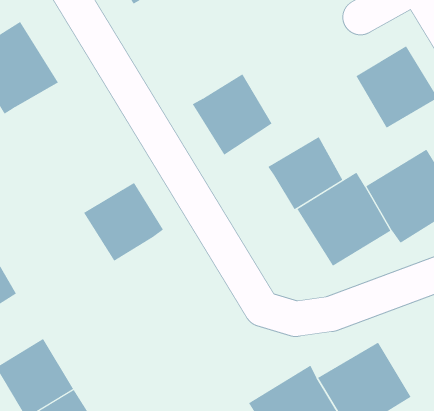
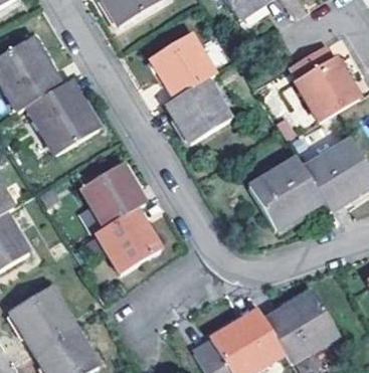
building: none -> [151,33,215,98]
building: none -> [26,79,99,154]
building: [268,136,343,210] -> none
building: none -> [96,207,161,273]

